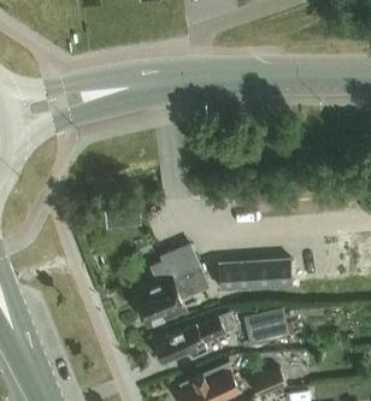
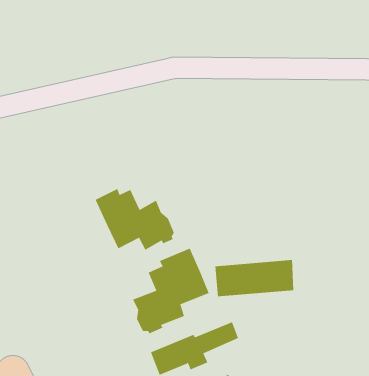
building: none -> [95,188,175,250]
building: [242,307,289,344] -> none

